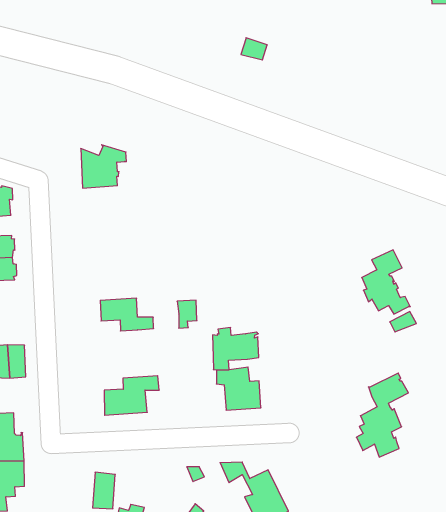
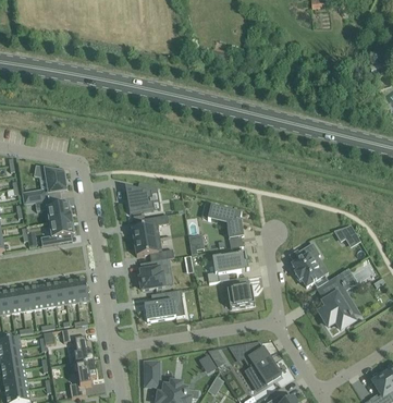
building: [81,145,126,188] -> [124,181,157,212]
building: [362,250,410,314] -> [292,242,328,286]
building: none -> [207,204,243,239]
building: none -> [132,213,168,241]
building: none -> [139,258,169,289]

